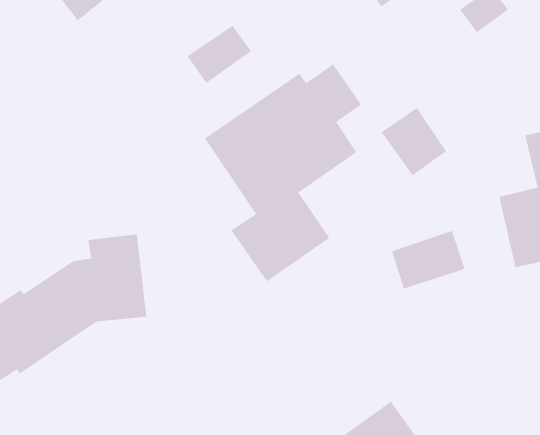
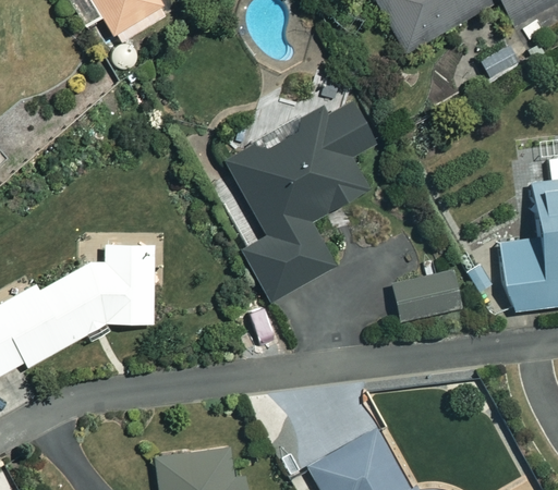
building: [187,25,252,84] -> none
building: [381,107,447,176] -> none

